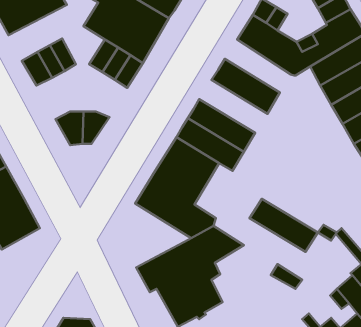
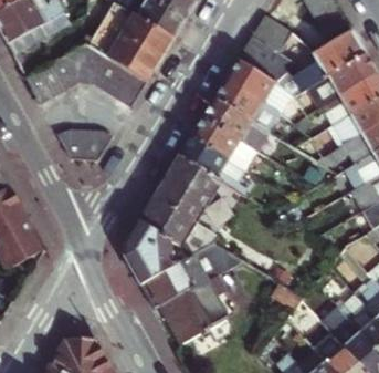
building: none -> [66,45,108,83]
building: none -> [227,59,292,111]
building: [249,199,318,252] -> [201,99,269,151]
building: none -> [124,220,193,283]

